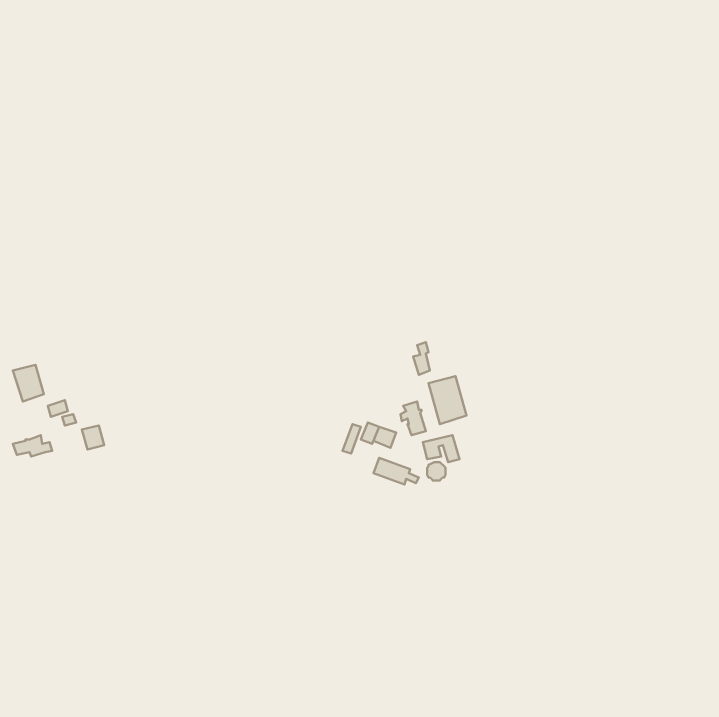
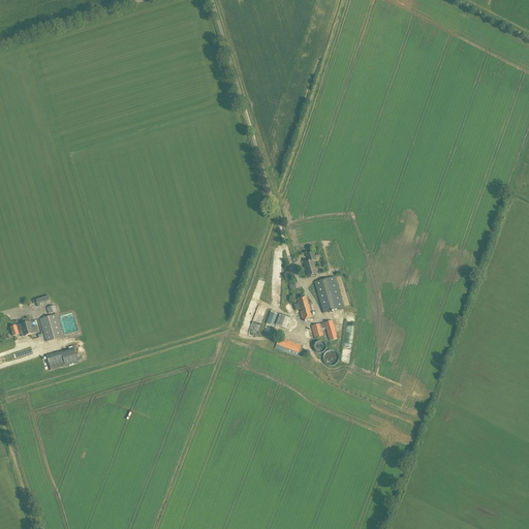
building: [13,365,44,401] -> [38,313,61,340]
building: none -> [45,346,76,369]

